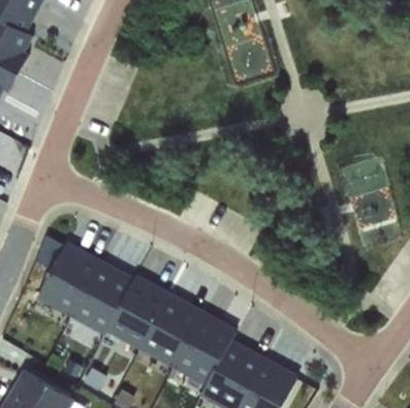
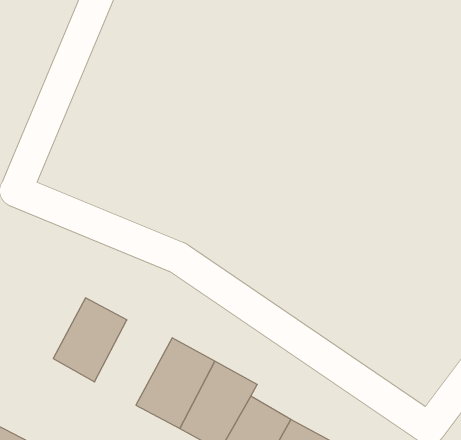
building: [36,244,97,311] -> none
building: [104,277,166,348] -> none

